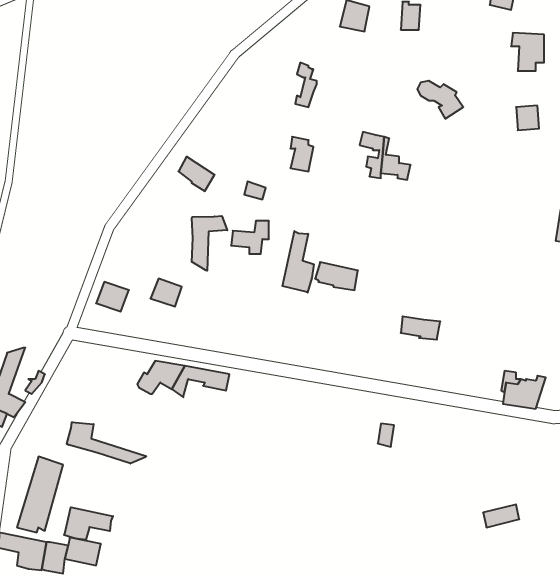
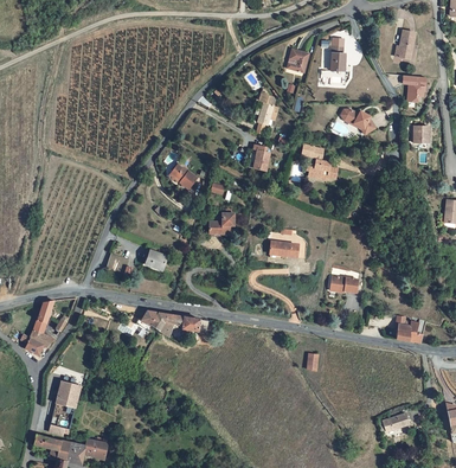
building: [192,216,227,271] -> none
building: [282,231,314,293] -> none
building: [67,422,146,464] -> none
building: [64,507,113,540] -> none

